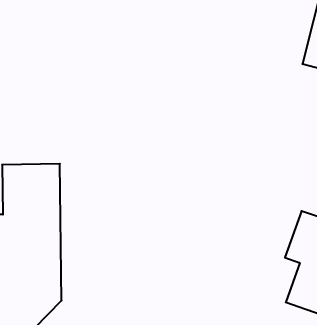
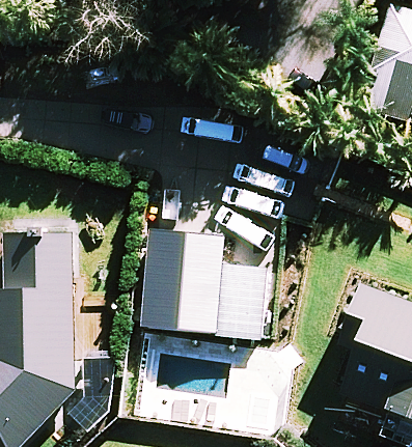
building: none -> [146,231,268,336]

